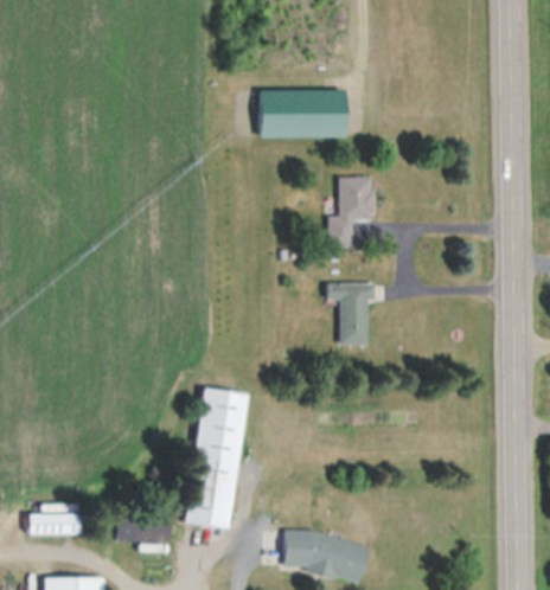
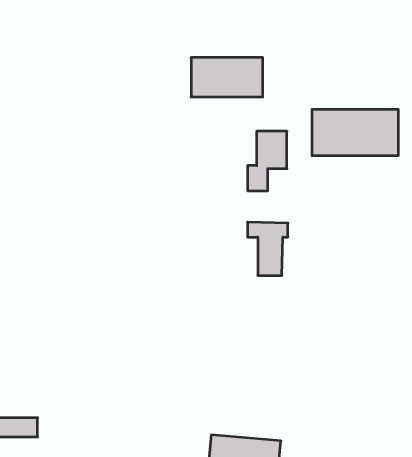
building: none -> [312,109,398,156]
building: [185,389,247,530] -> none
building: [117,518,170,541] -> none

